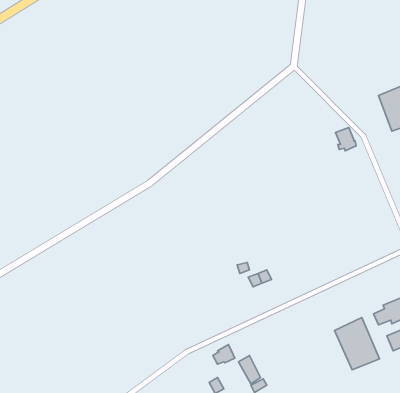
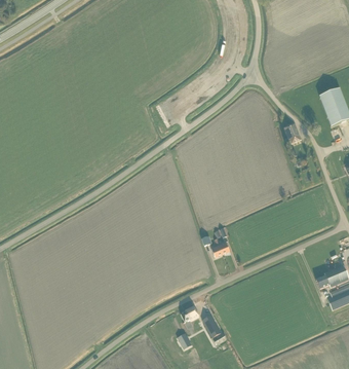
building: [335,318,379,370] -> none

